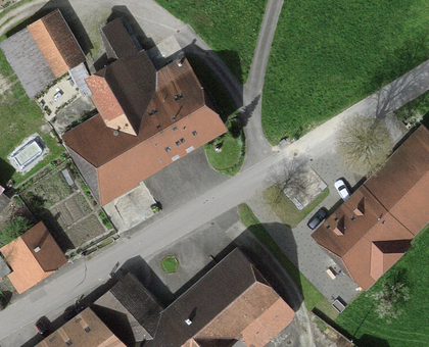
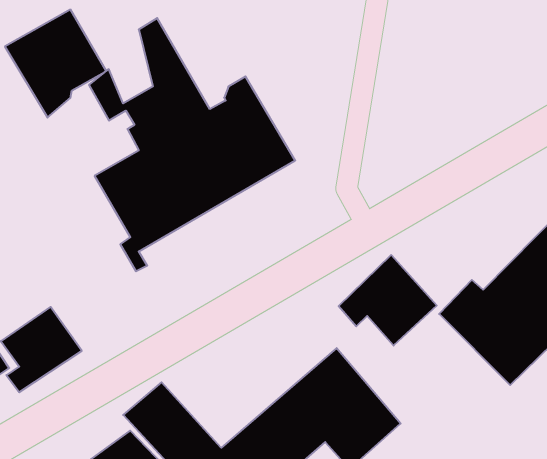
building: none -> [339,255,437,346]

